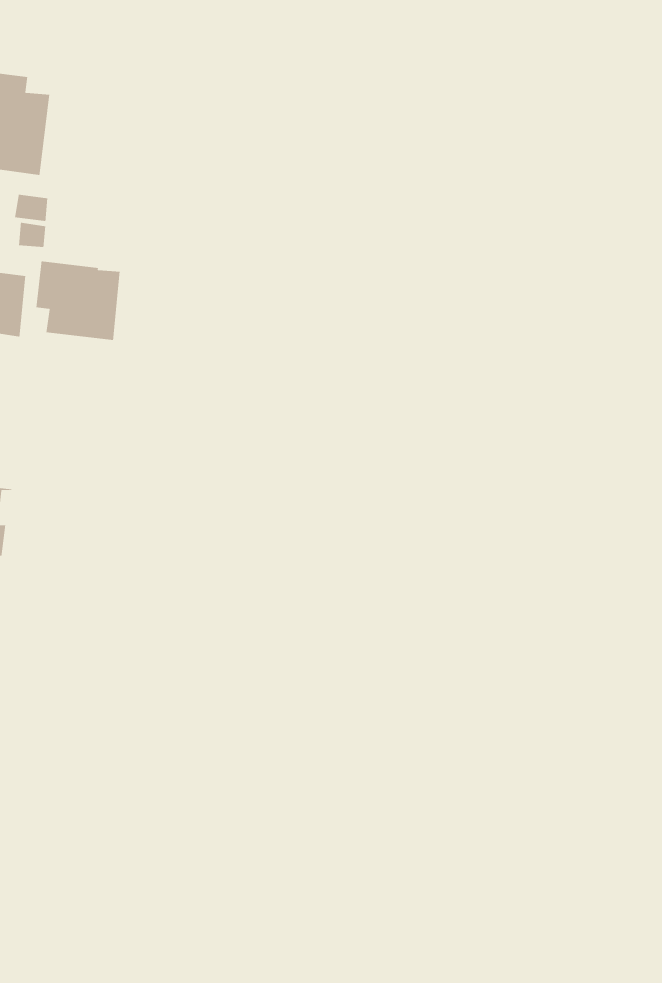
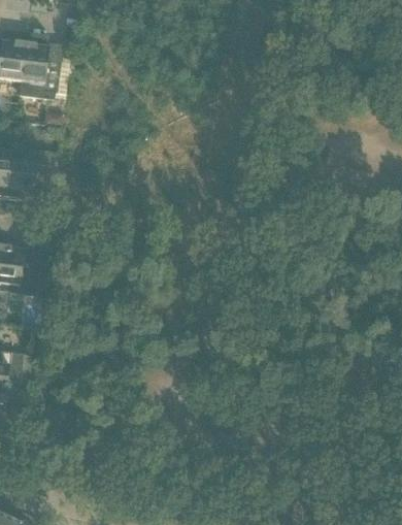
building: [36,260,120,341] -> none

